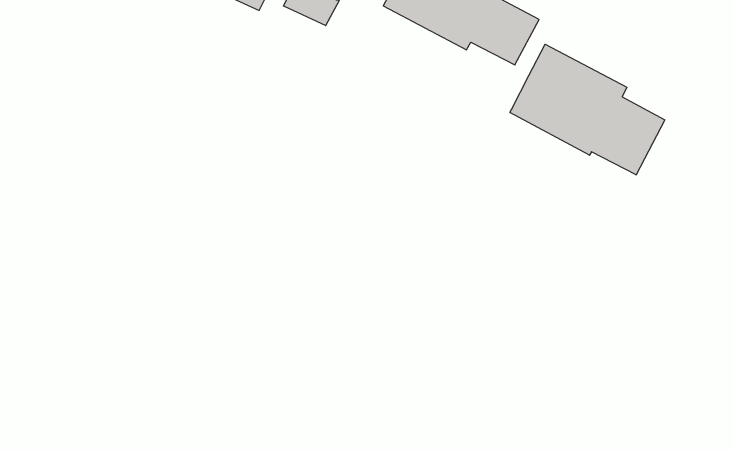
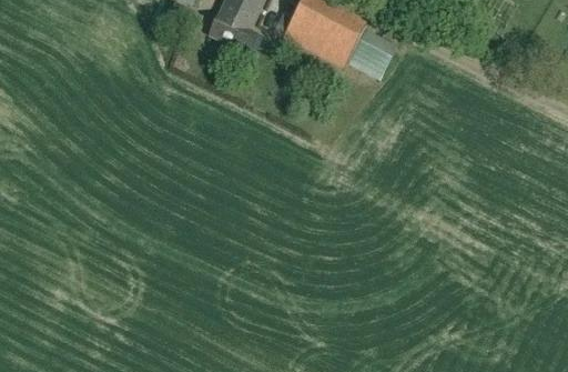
building: [510,44,665,175] -> none

